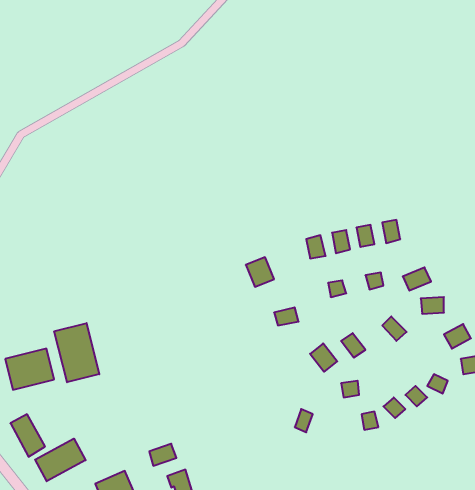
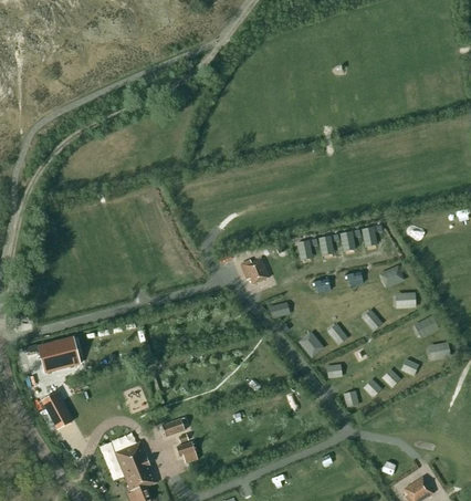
building: [54,323,99,382] -> none
building: [35,439,86,481] -> none

